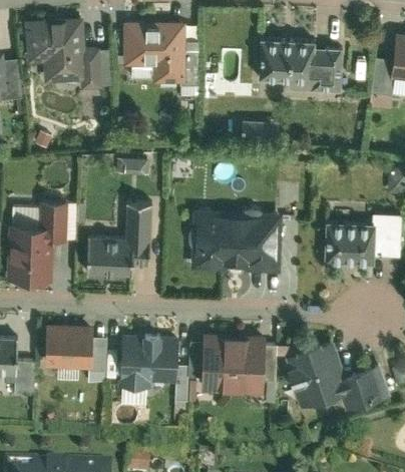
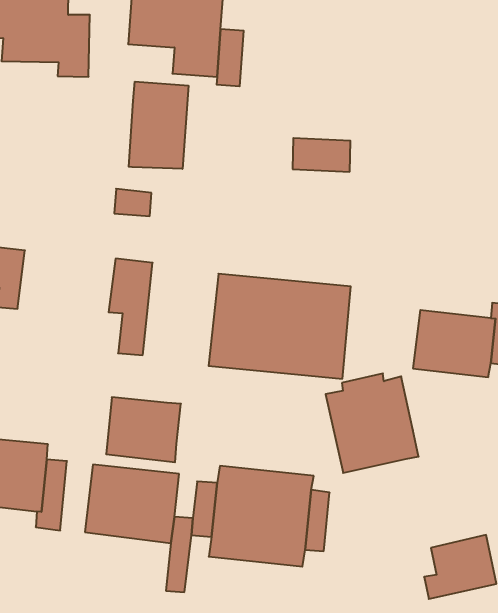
building: [259,40,342,90] -> none
building: none -> [129,82,188,169]
building: [87,239,133,278] -> [106,397,181,462]
building: [286,342,349,408] -> [326,373,419,473]

